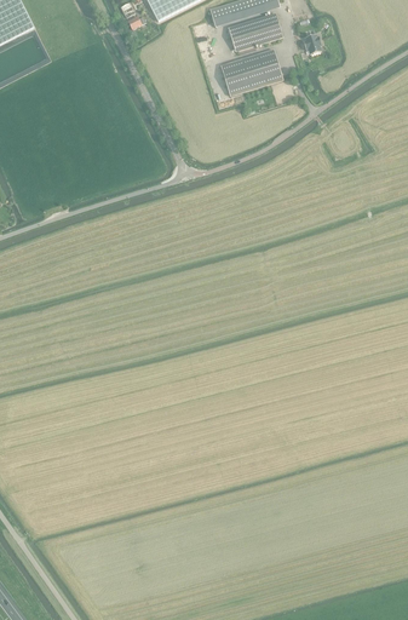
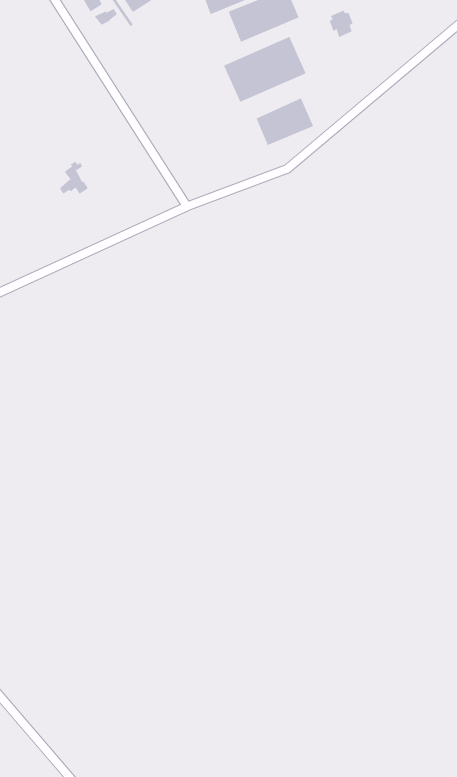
building: none -> [256,98,314,146]

